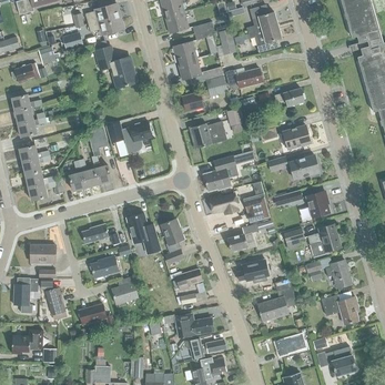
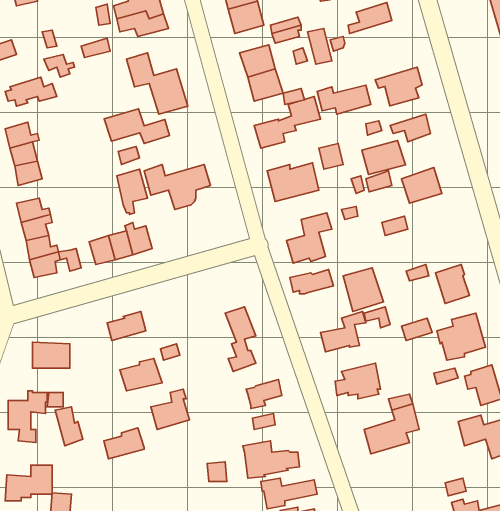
building: [247,23,280,50] -> [375,67,422,106]
building: none -> [104,109,170,143]
building: [290,155,320,179] -> [362,141,406,175]
building: [126,212,160,253] -> none
building: [274,332,307,355] -> none

